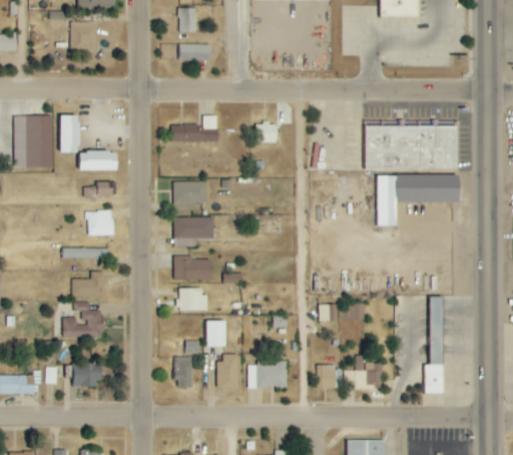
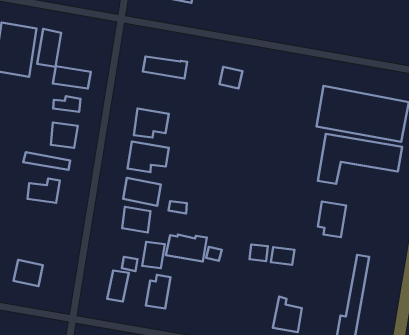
building: none -> [318,201,346,237]
building: [63,302,103,337] -> none
building: [247,361,288,387] -> [166,235,207,262]
building: [318,364,337,389] -> none

